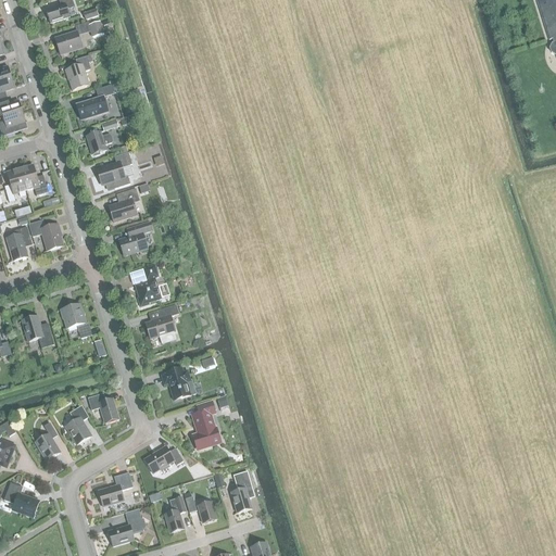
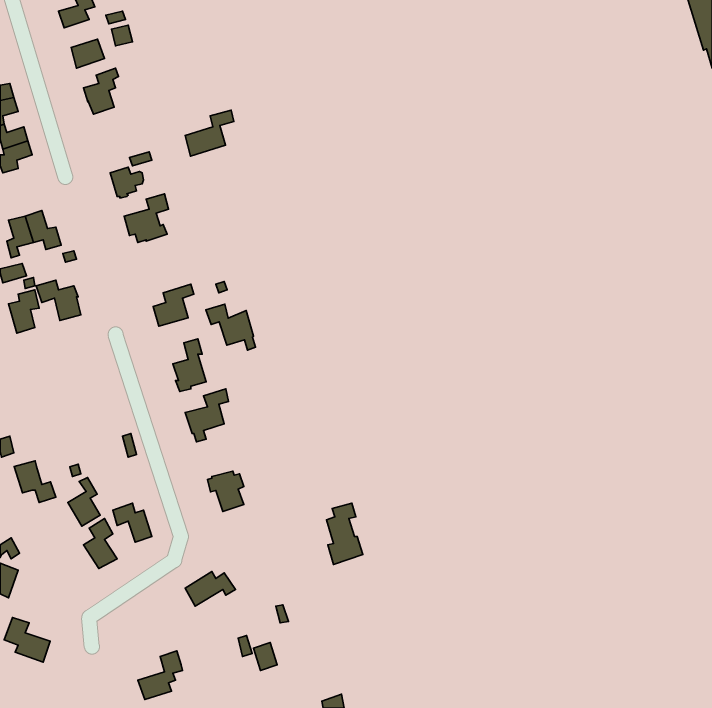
building: [76,84,114,119] -> [185,110,234,156]
building: [109,187,139,222] -> none
building: none -> [206,304,256,350]
building: [60,302,92,338] -> none
building: [22,315,54,348] -> [14,461,56,503]
building: [192,401,220,448] -> [327,503,363,564]
building: [35,421,60,459] -> [68,477,100,526]
building: [231,470,252,511] -> none
building: [99,472,132,506] -> none
building: [164,495,186,532] -> none

